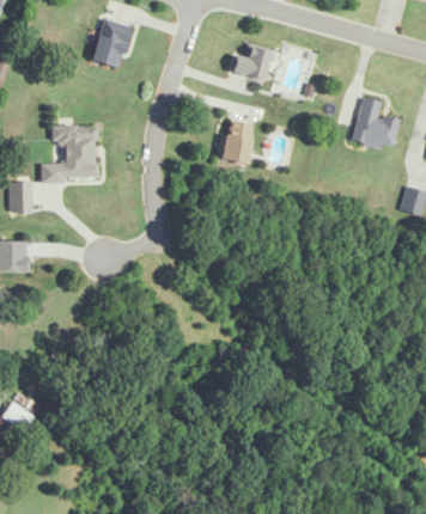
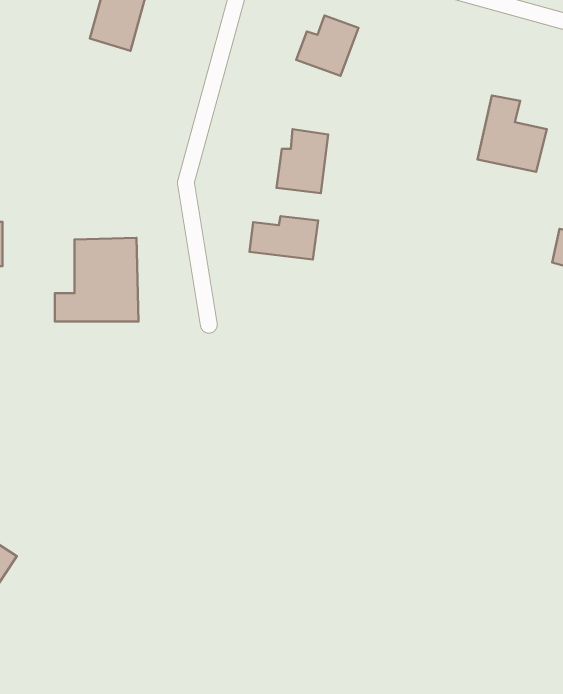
building: [43,124,99,180] -> [55,238,138,321]
building: none -> [249,216,318,259]

